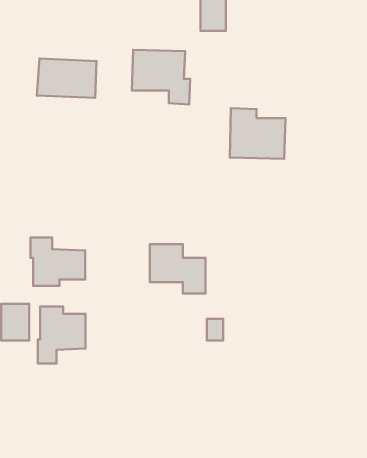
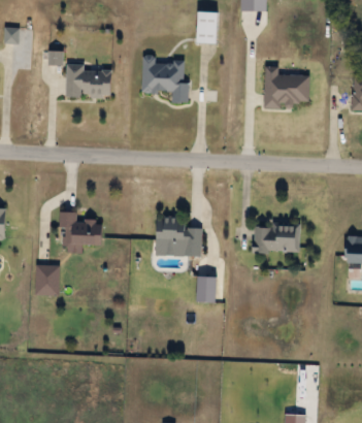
building: [230,108,286,159] -> [263,67,308,108]
building: none -> [253,224,299,253]
building: [38,306,85,363] -> none

